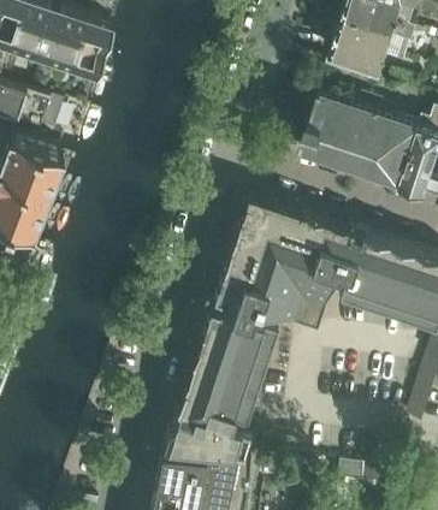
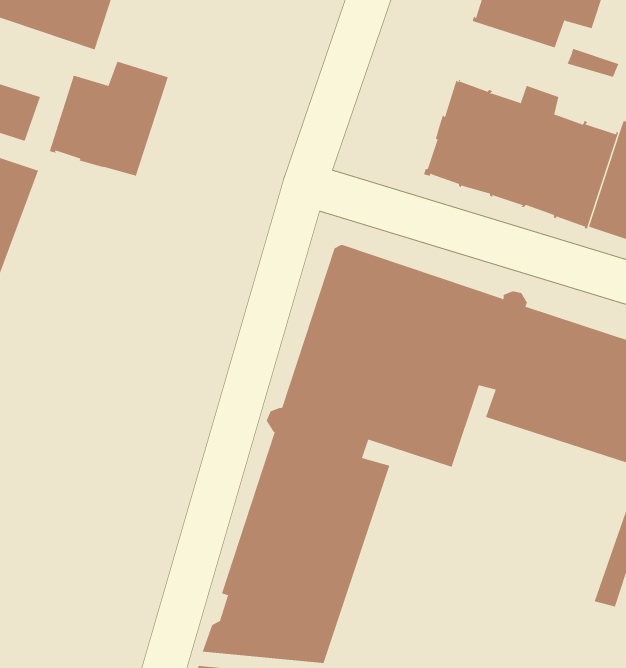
building: none -> [49,61,168,176]

